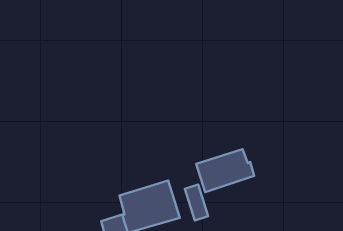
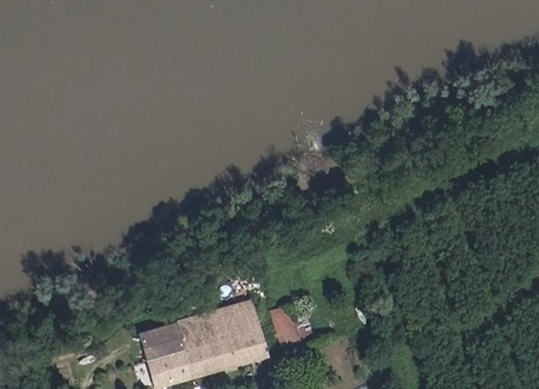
building: [196,149,254,192] -> none
building: none -> [142,321,184,359]

